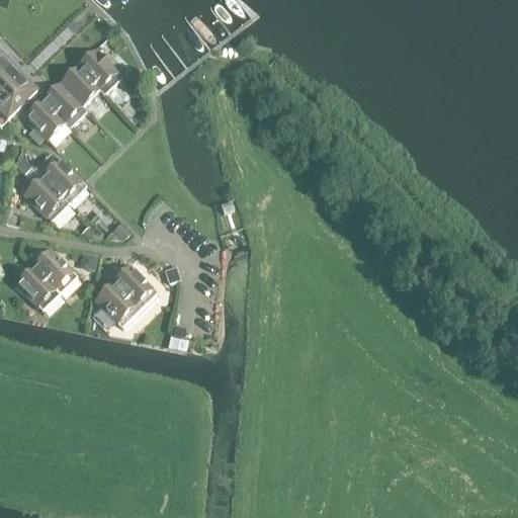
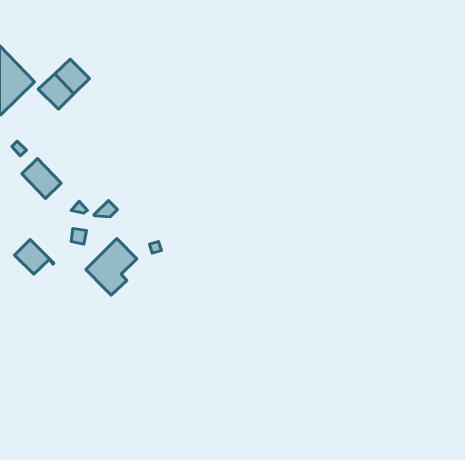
building: [78,49,121,92] -> none
building: [25,99,65,142] -> none
building: [41,159,85,203] -> none
building: [33,249,77,292] -> none

